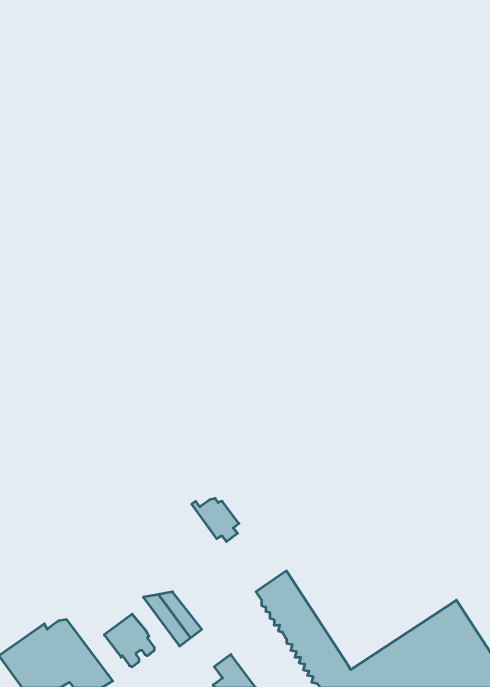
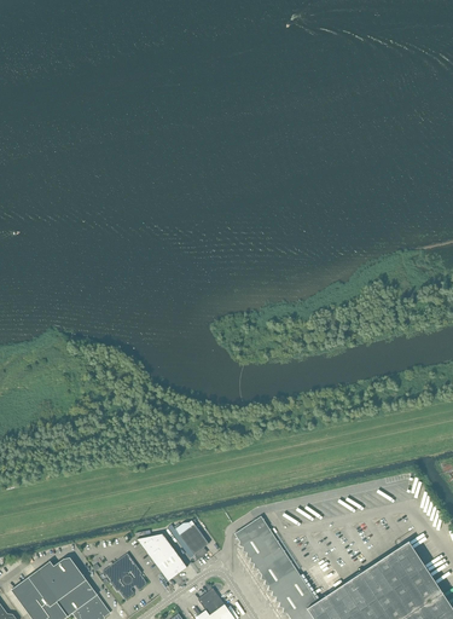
building: [192,498,239,542] -> [168,522,209,560]

